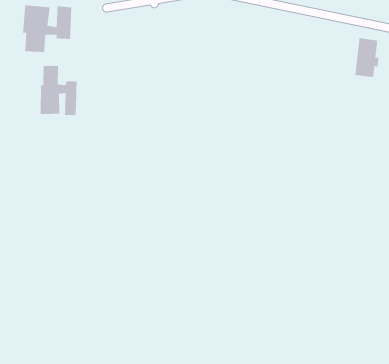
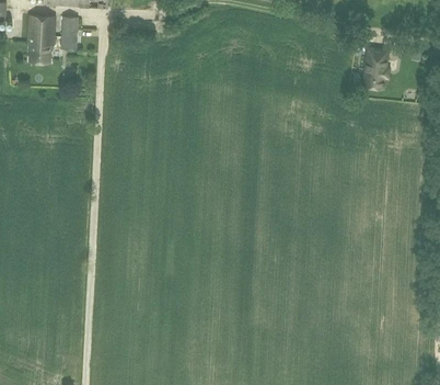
building: [40,65,77,116] -> none

